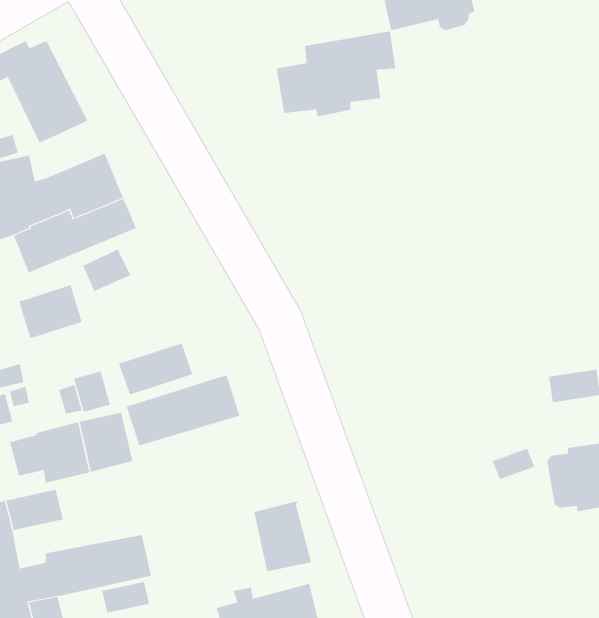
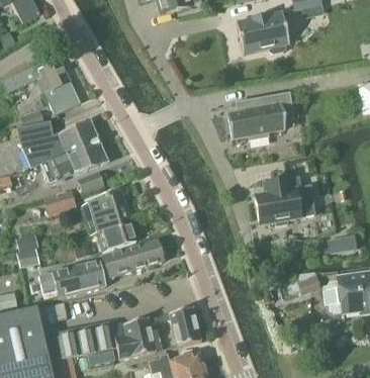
building: [276,31,396,117] -> [227,92,292,138]
building: none -> [255,175,315,224]
building: none -> [83,188,131,233]
building: none -> [110,315,157,358]

